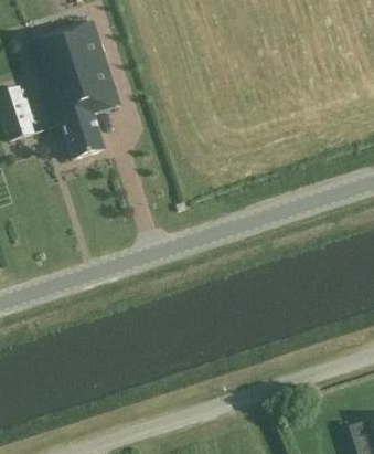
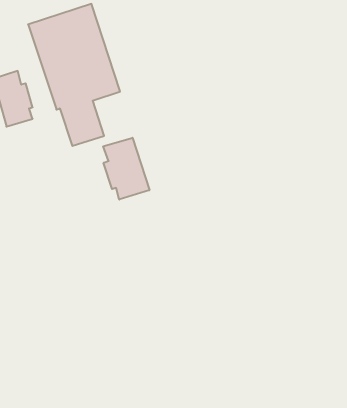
building: none -> [103,138,149,200]

